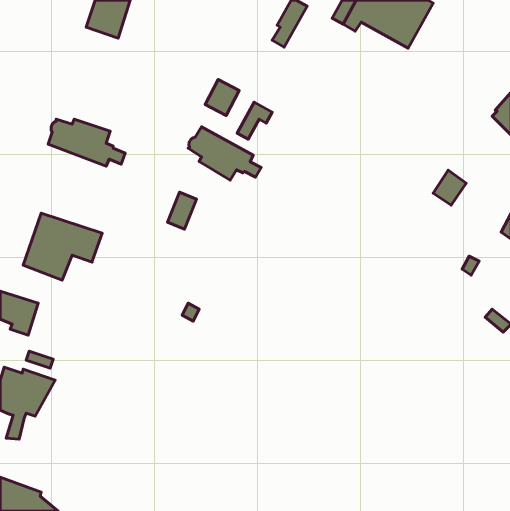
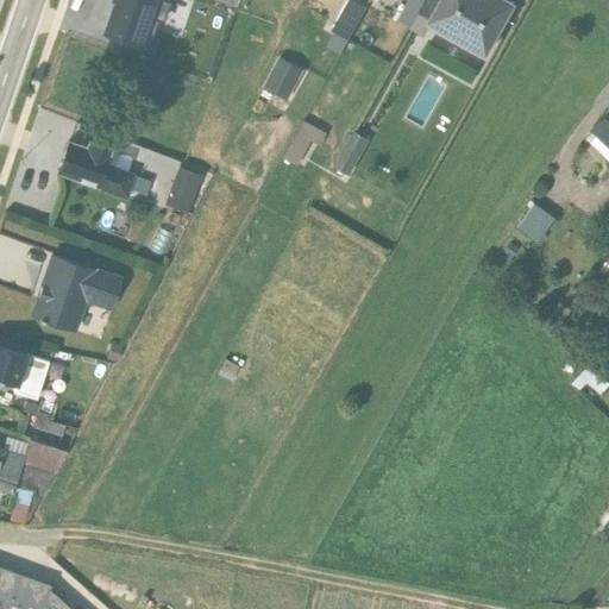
building: [205,79,239,115] -> [263,57,303,100]
building: none -> [333,132,370,176]
building: [188,127,261,180] -> none
building: [168,192,197,229] -> [165,168,200,212]

